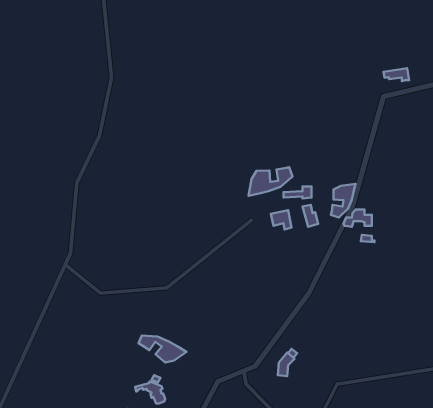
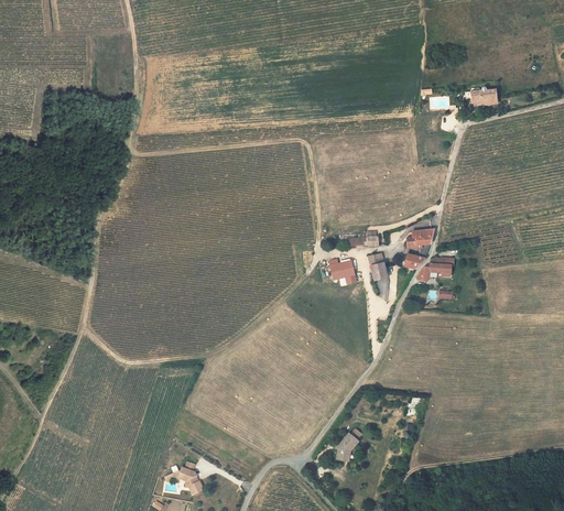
building: [249,167,292,196] -> none
building: [139,335,187,362] -> none

